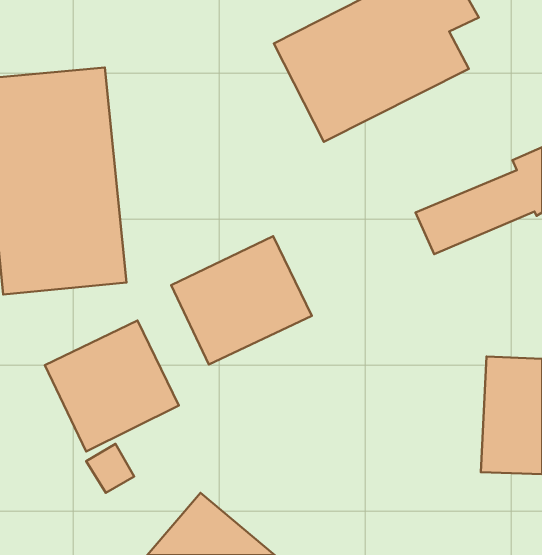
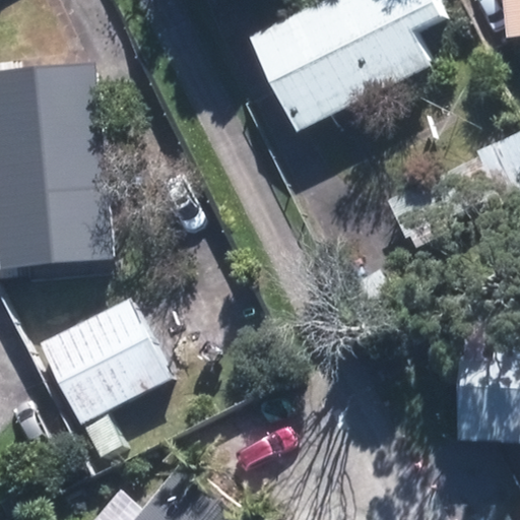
building: [171,236,312,364] -> none

